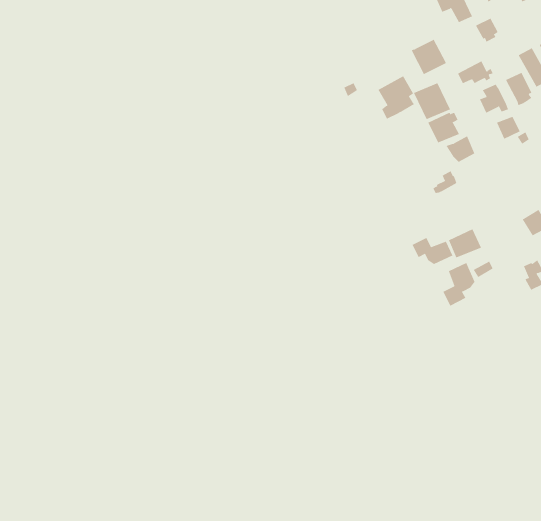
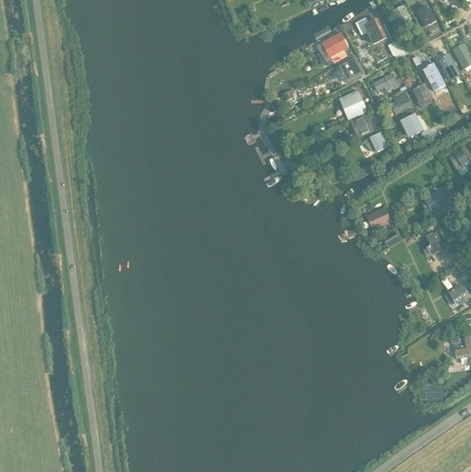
building: [377,76,415,120] -> [320,31,350,66]
building: [412,237,453,265] -> none
building: [442,262,475,306] -> none

